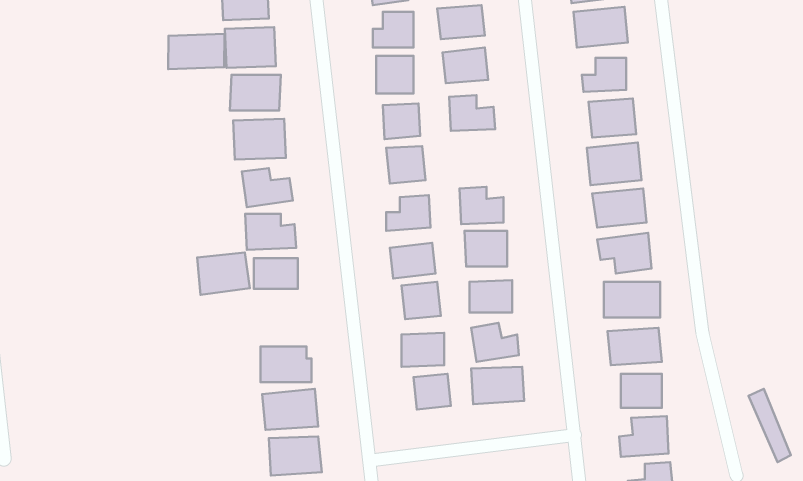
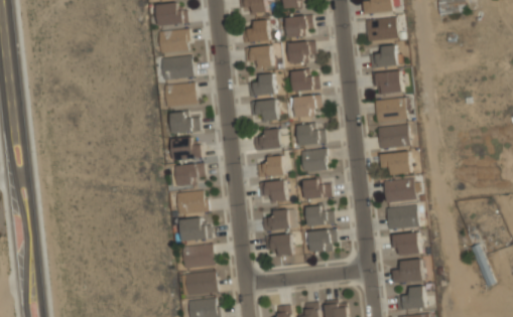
building: [168,34,224,69] -> none
building: none -> [293,94,319,118]
building: [197,252,250,295] -> [175,189,207,214]

